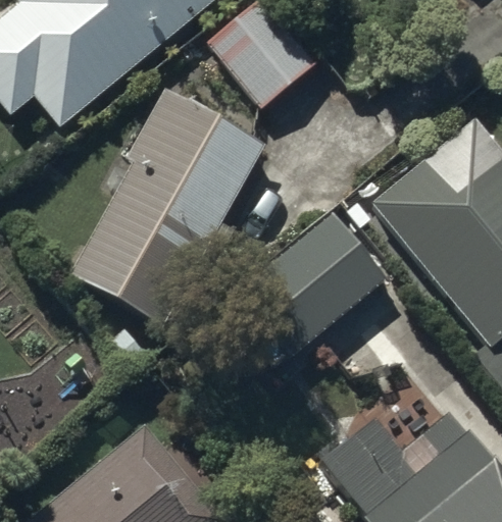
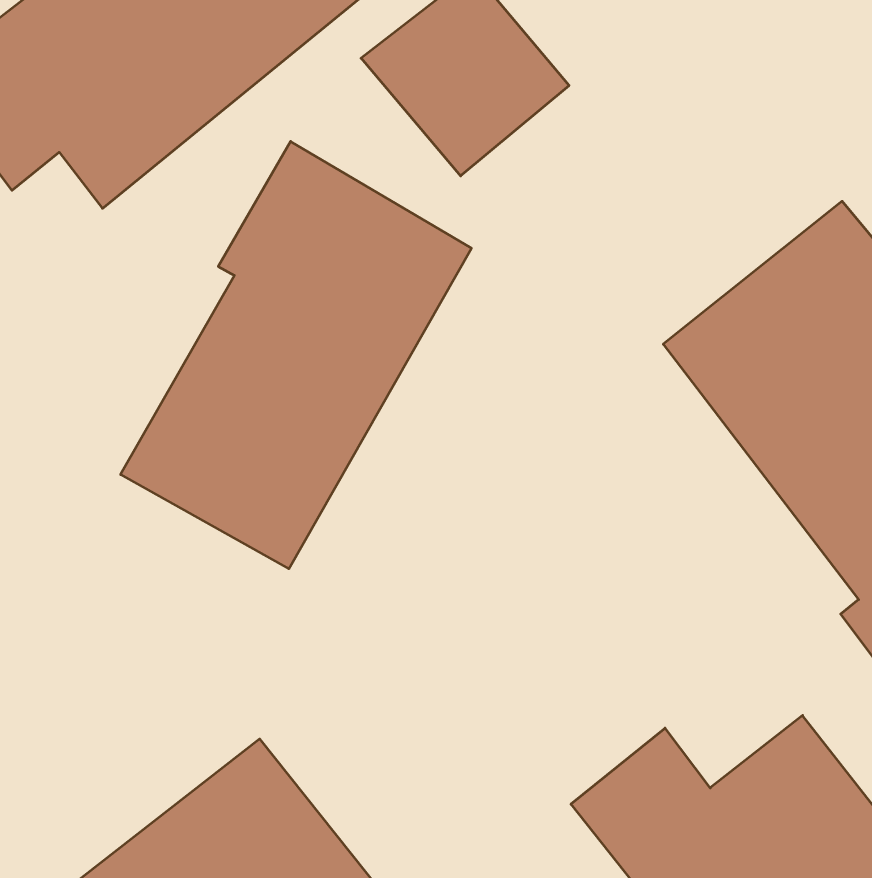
building: [236,214,387,357] -> none

